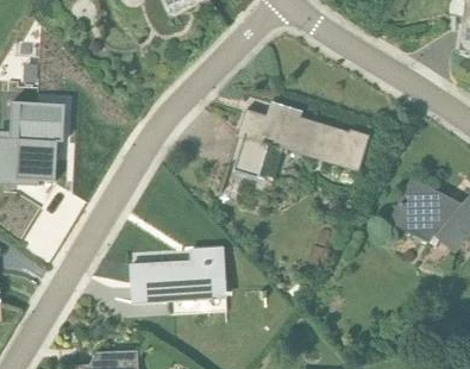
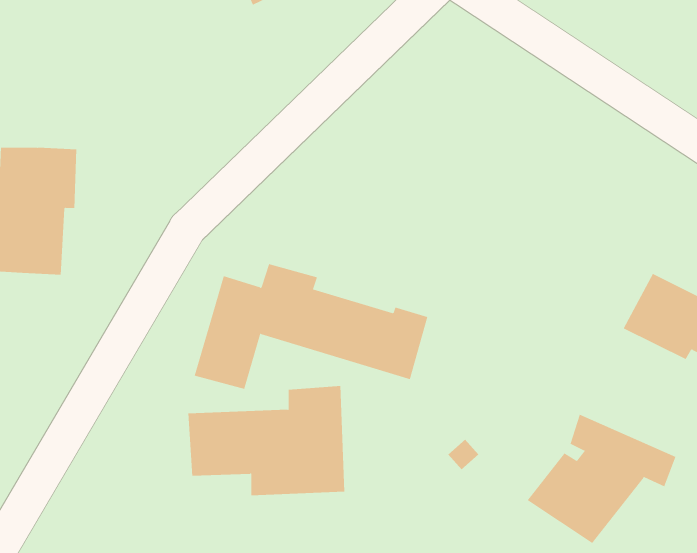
building: [228,101,370,177] -> [194,264,428,390]
building: none -> [527,414,676,544]

